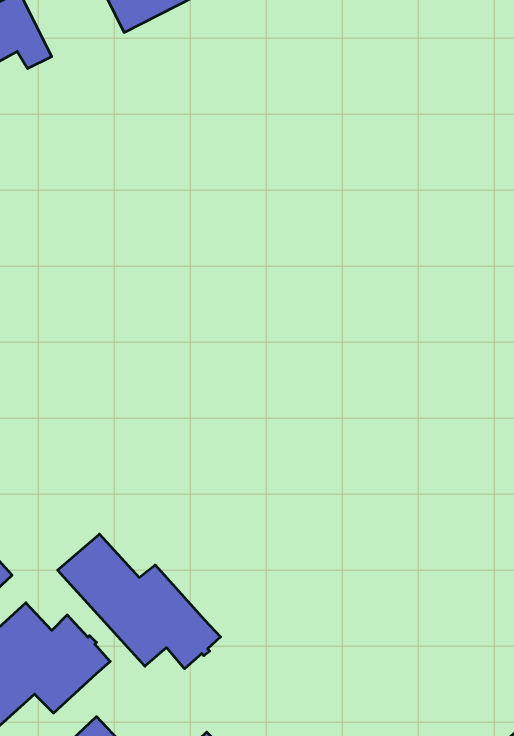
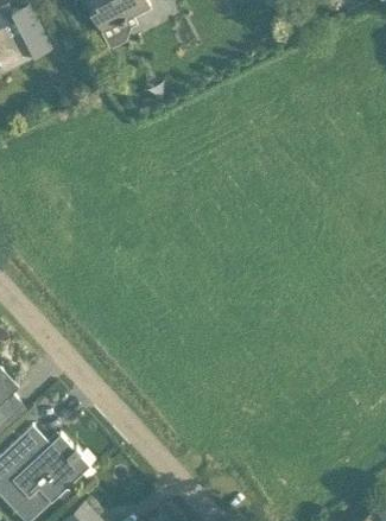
building: [58,534,221,669] -> none

